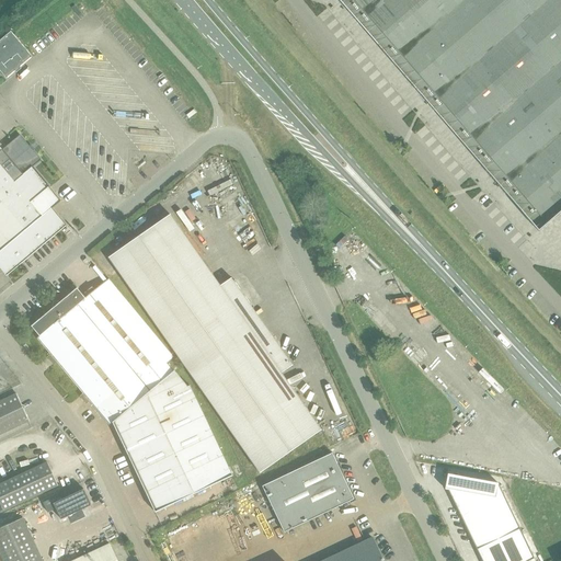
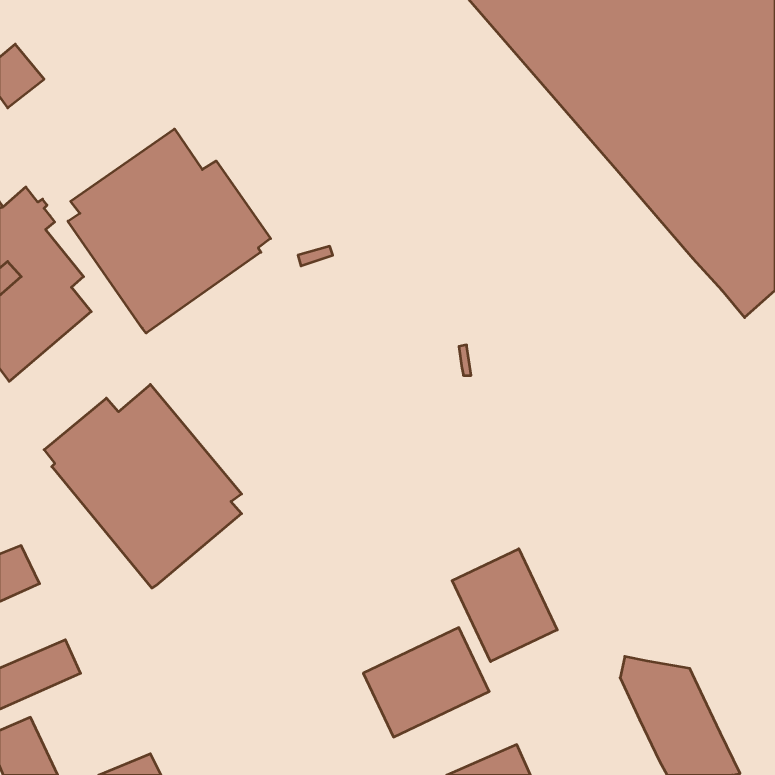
building: none -> [68,129,271,333]
building: [110,214,321,472] -> none
building: [113,370,232,512] -> none
building: none -> [452,549,557,662]
building: [43,485,91,520] -> none

